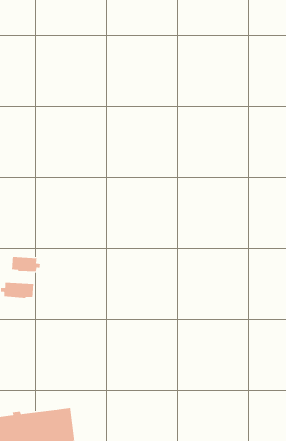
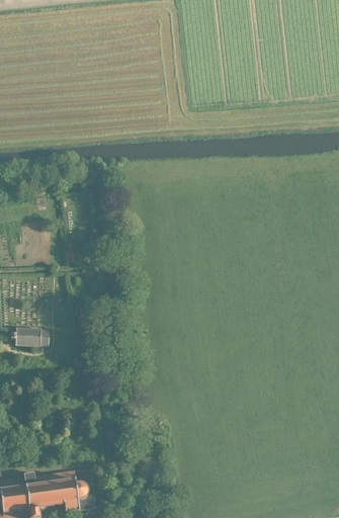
building: [11,256,41,272] -> none

